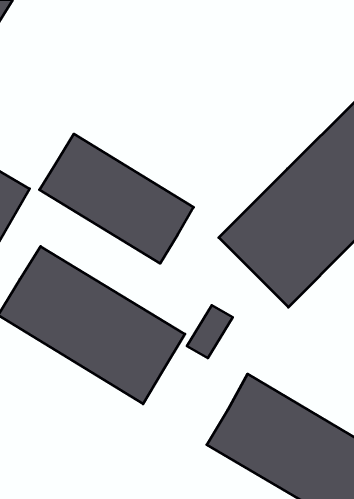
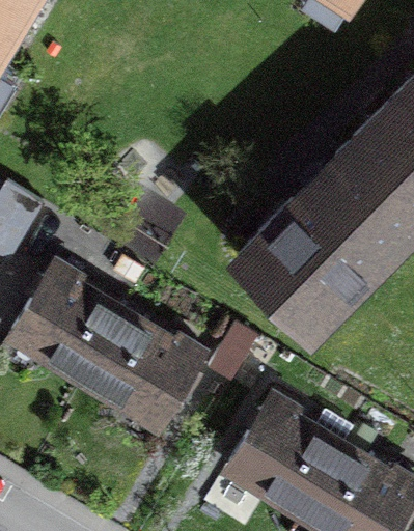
building: [39,134,194,263] -> none

